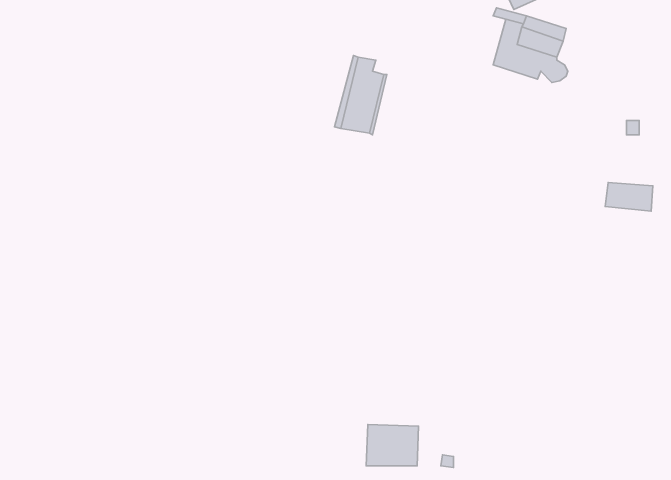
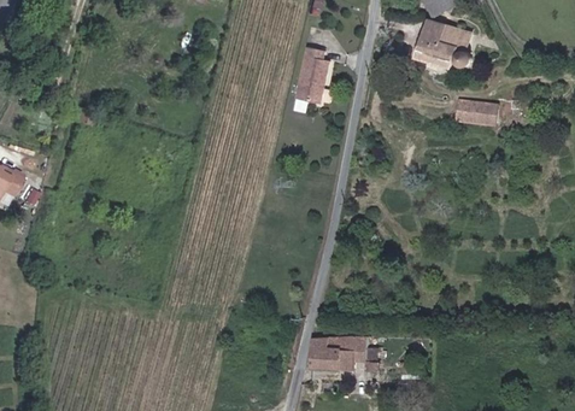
building: [605,183,653,211] -> [457,106,493,128]

